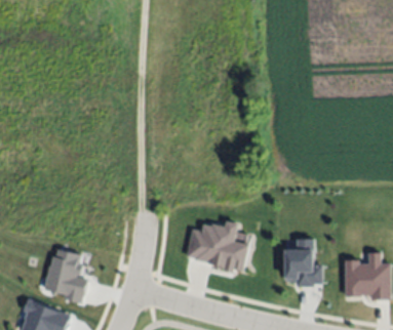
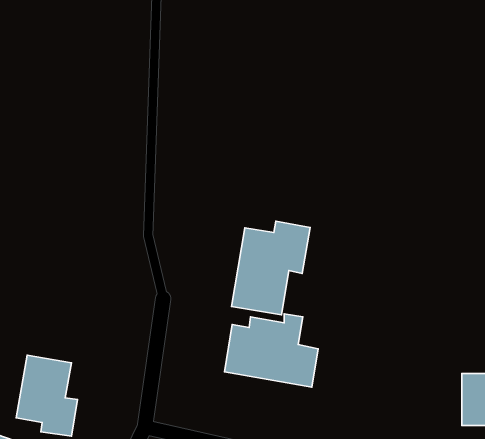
building: none -> [232,221,310,315]
building: [284,238,321,285] -> none

